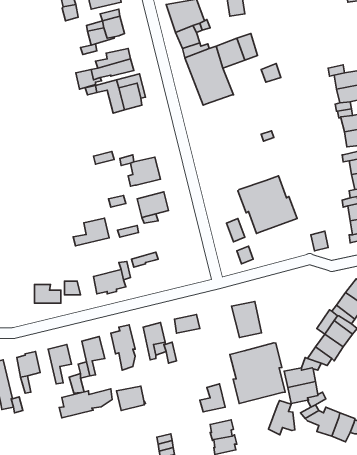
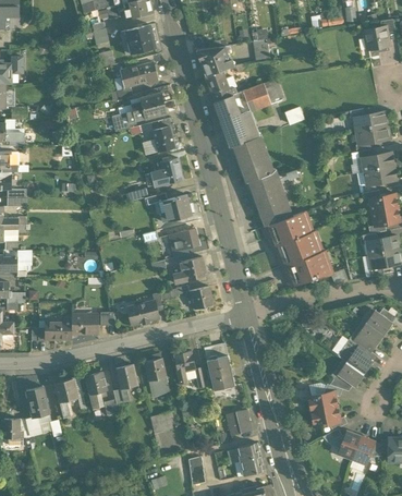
building: none -> [233,136,290,226]
building: none -> [157,157,183,185]
building: none -> [283,252,329,287]
building: [73,218,109,246] -> [172,257,206,283]
building: none -> [185,287,214,310]
building: none -> [46,322,72,339]
building: [232,302,262,337] -> [206,356,234,390]
building: [230,343,285,404] -> none
building: [59,389,112,418] -> none
building: [268,400,295,435] -> none

